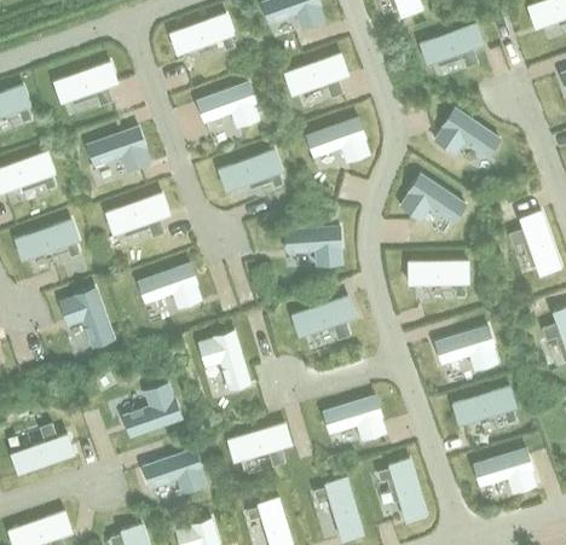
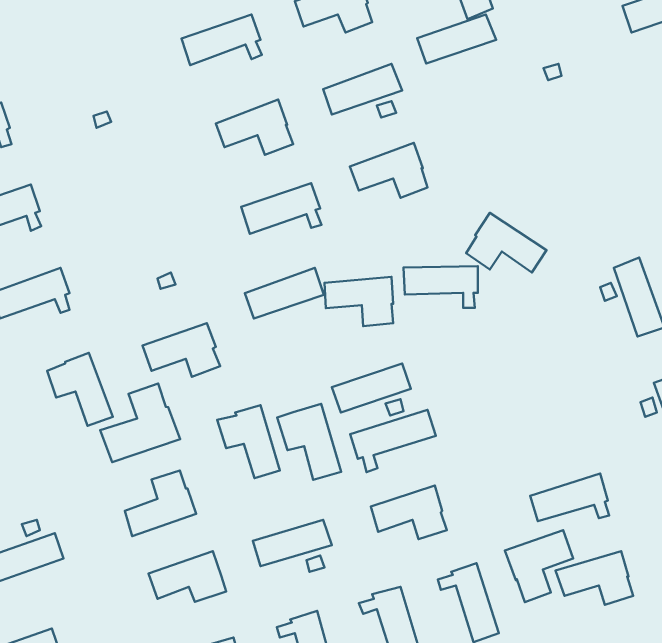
building: [420,25,484,65] -> [417,14,496,64]
building: [53,63,117,104] -> none
building: [434,109,499,157] -> none
building: [87,128,150,172] -> none
building: [105,193,169,234] -> [245,268,324,319]
building: [408,262,468,296] -> [403,266,478,308]
building: none -> [100,384,180,462]
building: [435,327,497,371] -> none
building: none -> [277,404,341,480]
building: none -> [350,410,436,472]
building: none -> [505,530,573,602]

